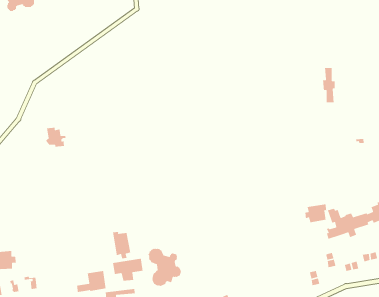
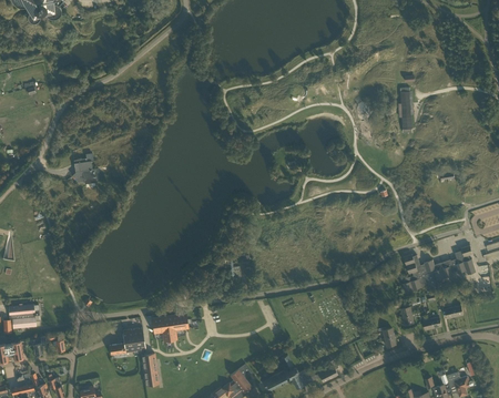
building: [304,203,327,223] -> none
building: [112,231,131,259] -> none
building: [148,247,182,287] -> none

